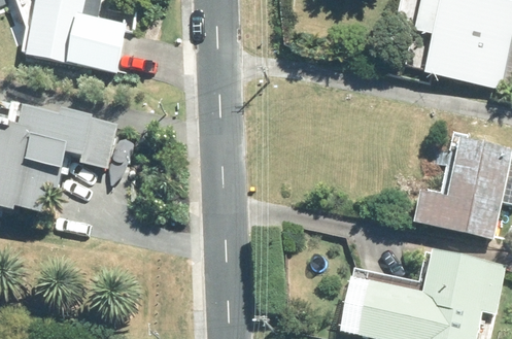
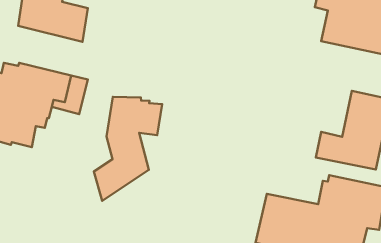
building: none -> [94,97,162,201]

